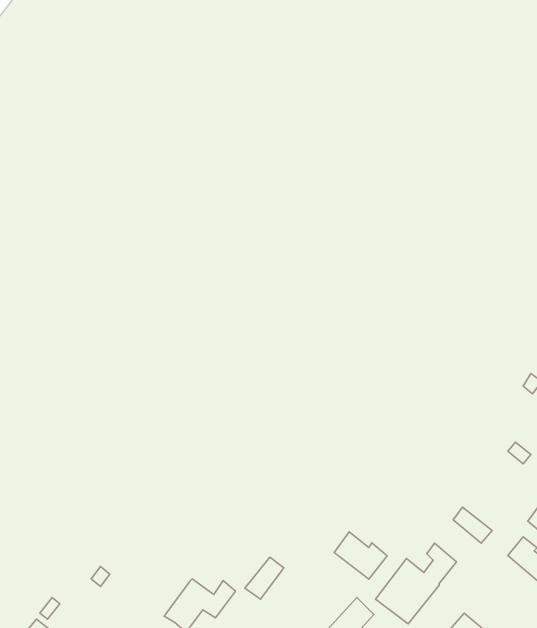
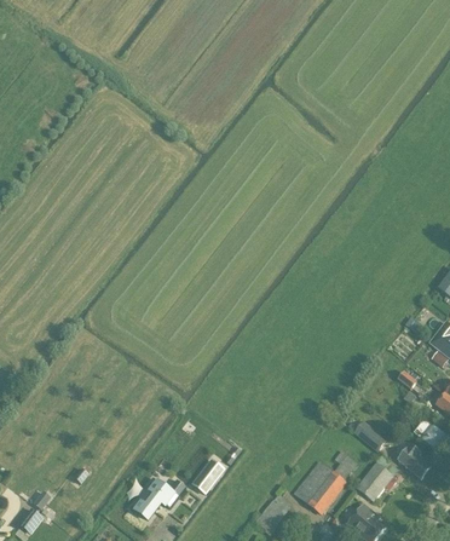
building: [334,532,387,579] -> none
building: none -> [357,455,398,501]

